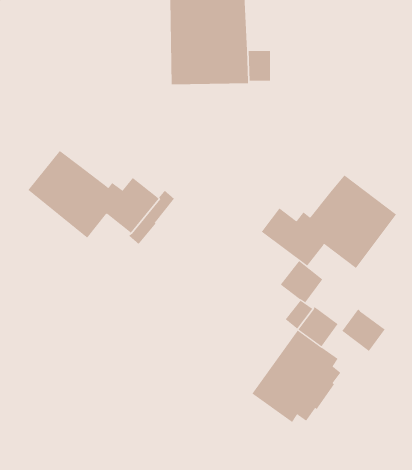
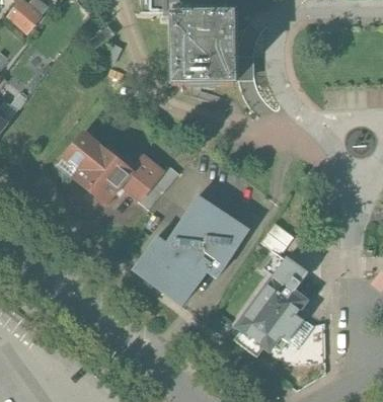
building: [261,175,397,269] -> none
building: none -> [133,195,249,306]
building: [341,309,386,352] -> none

